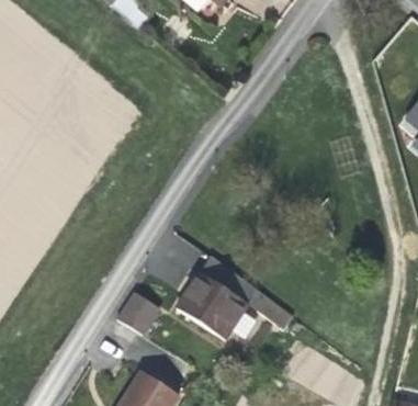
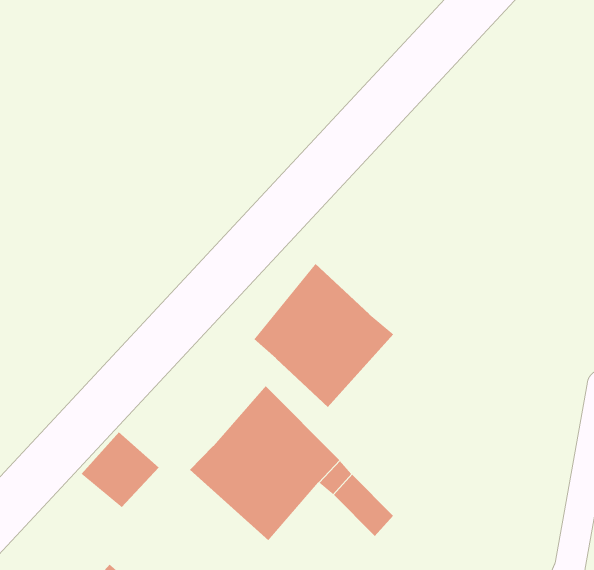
building: none -> [253,263,394,408]

